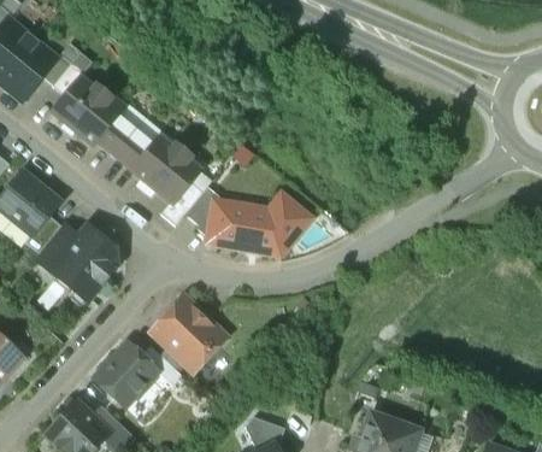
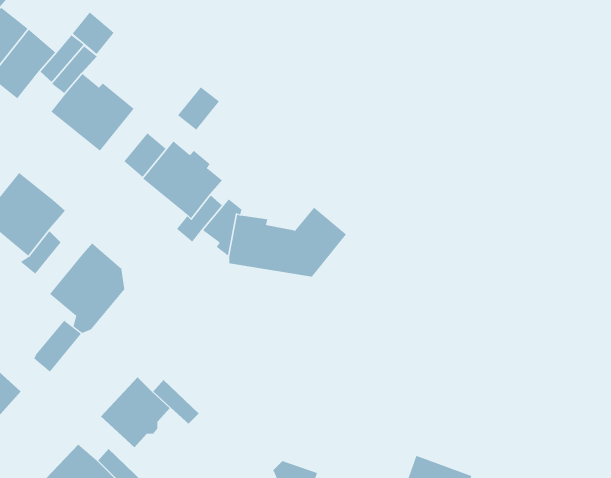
building: none -> [72,12,115,55]
building: [98,115,135,153] -> [177,86,220,130]
building: [35,223,77,269] -> [33,320,82,372]
building: [153,298,223,366] -> none

